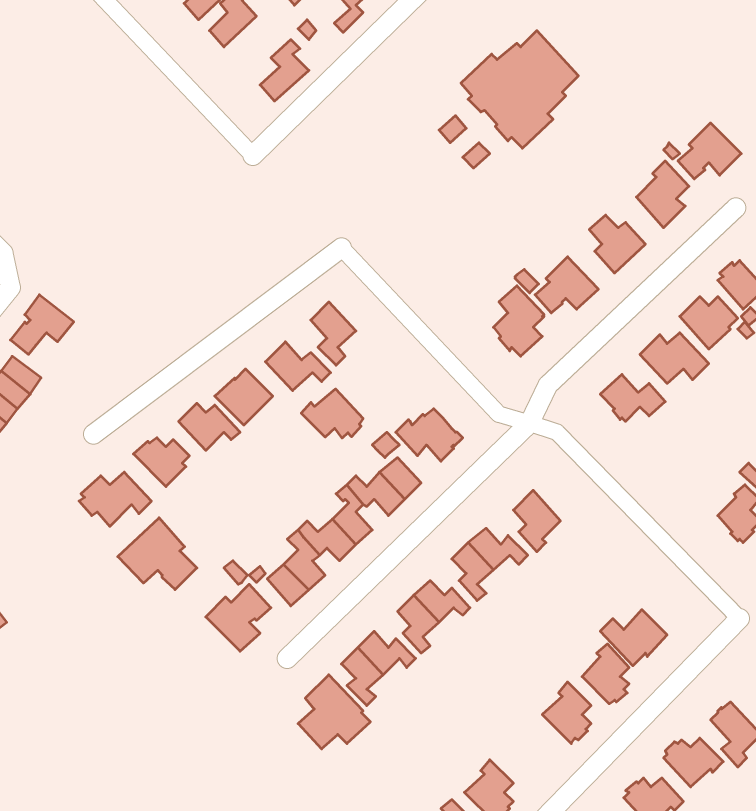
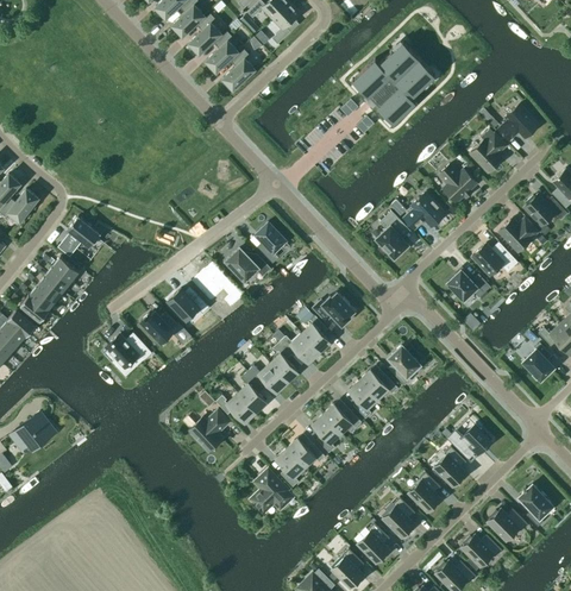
building: none -> [206,31,237,71]
building: [301,389,363,438] -> none
building: [118,518,197,590] -> none
building: none -> [383,497,414,536]

